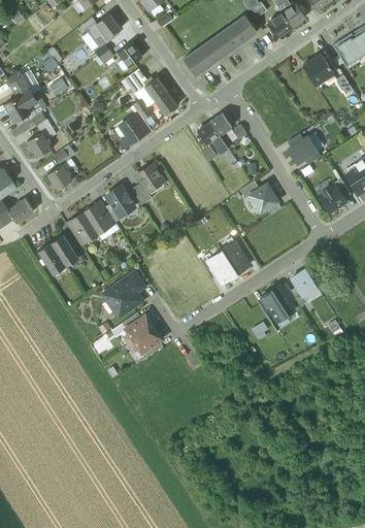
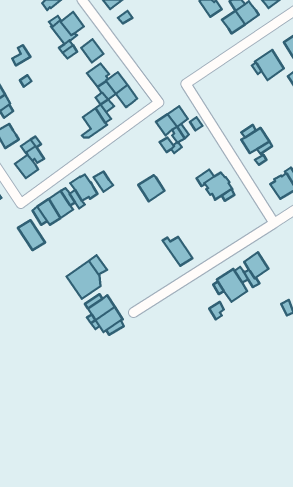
building: [184,15,256,74] -> none
building: [136,164,164,192] -> [138,175,164,201]
building: [221,237,250,273] -> none
building: [38,242,66,274] -> none

